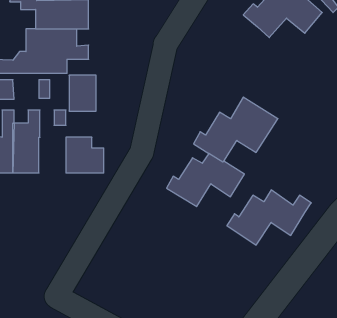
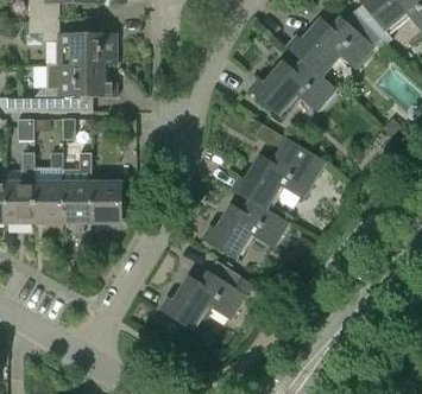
building: none -> [248,62,335,116]
building: [69,75,96,111] -> [62,183,92,222]
building: [227,190,311,245] -> [159,271,252,331]

